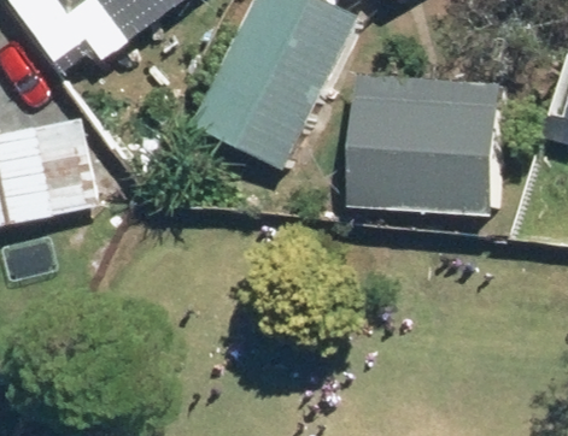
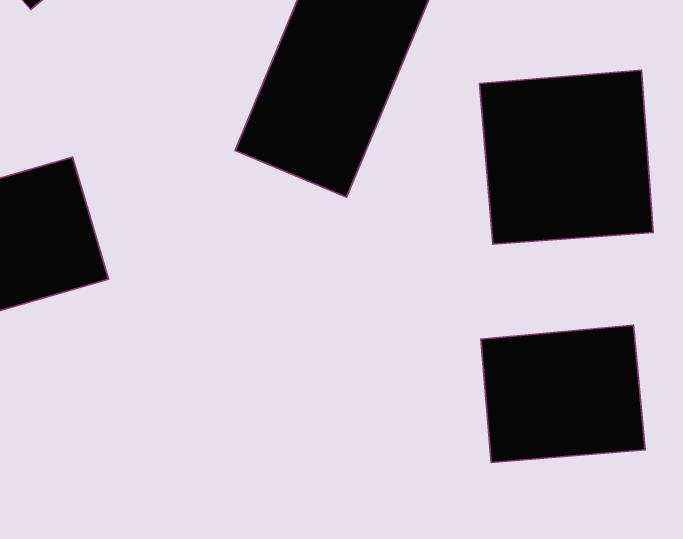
building: none -> [481,325,645,462]

